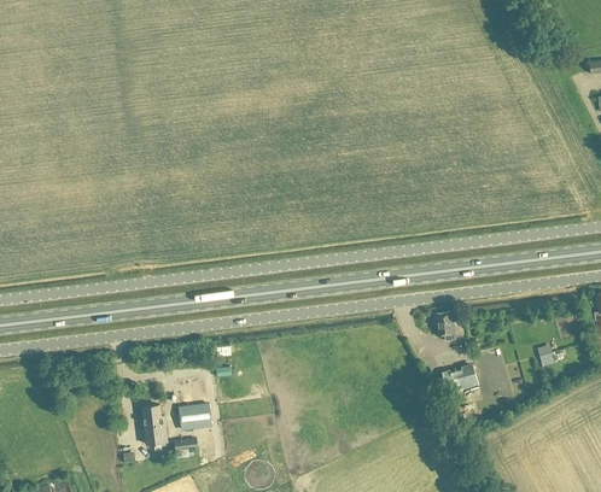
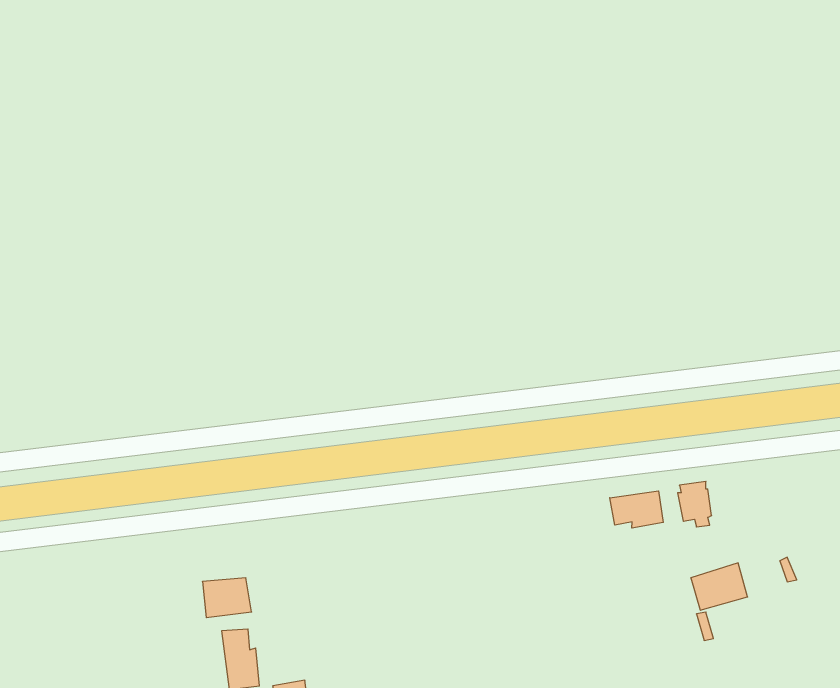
building: none -> [610,491,663,528]
building: [181,403,212,428] -> [202,578,252,618]

